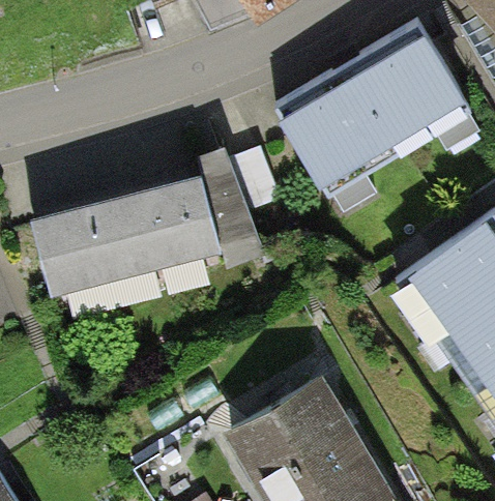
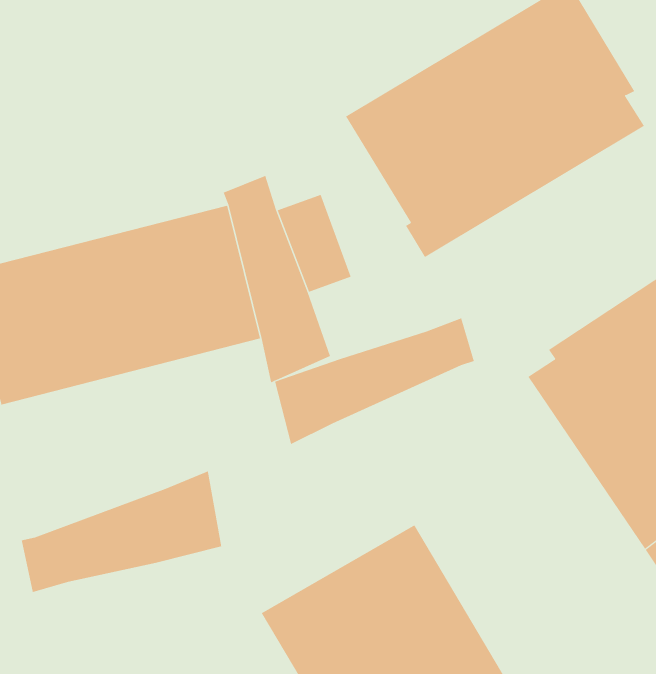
building: none -> [275,318,474,445]
building: none -> [21,470,222,593]

